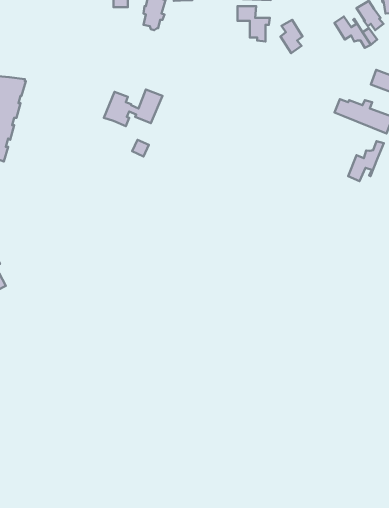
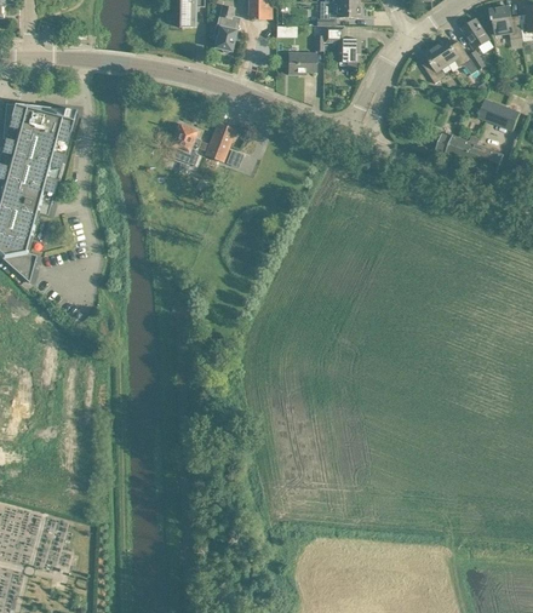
building: [281,20,302,53] -> [423,44,448,82]
building: none -> [288,52,316,73]
building: [348,141,384,181] -> none

